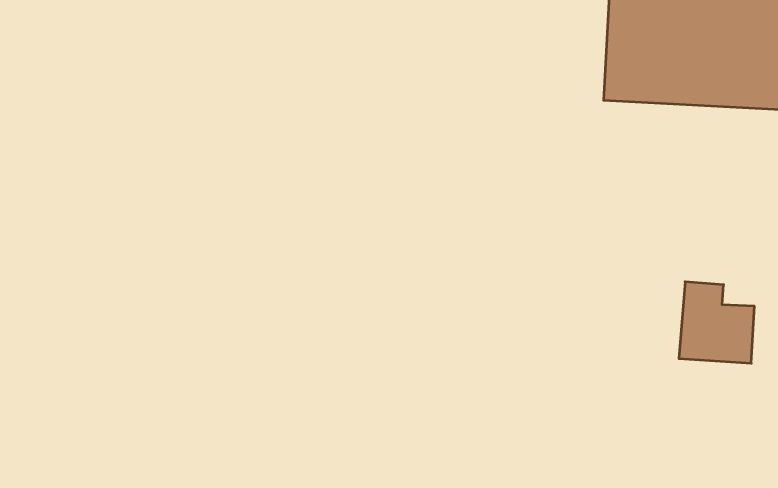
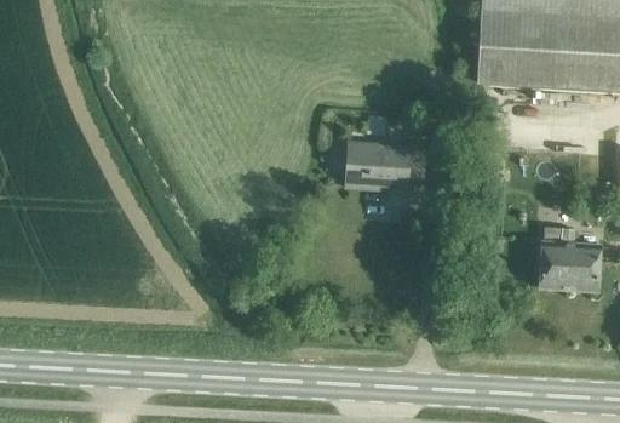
building: none -> [345,136,426,189]

